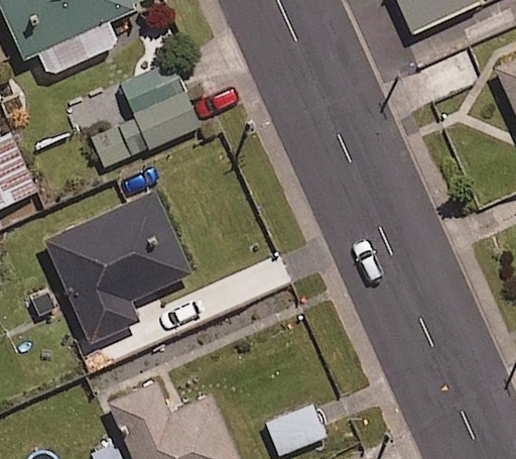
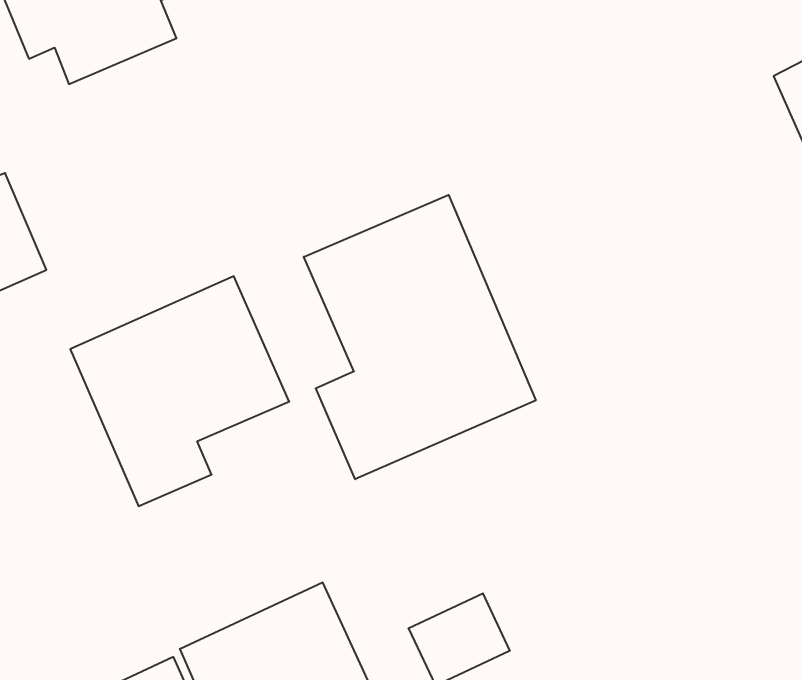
building: [89,63,198,166] -> none
building: none -> [304,195,536,479]

